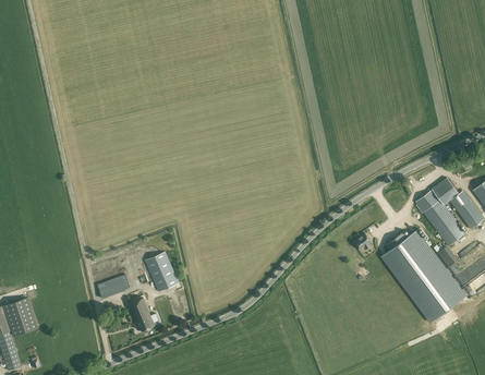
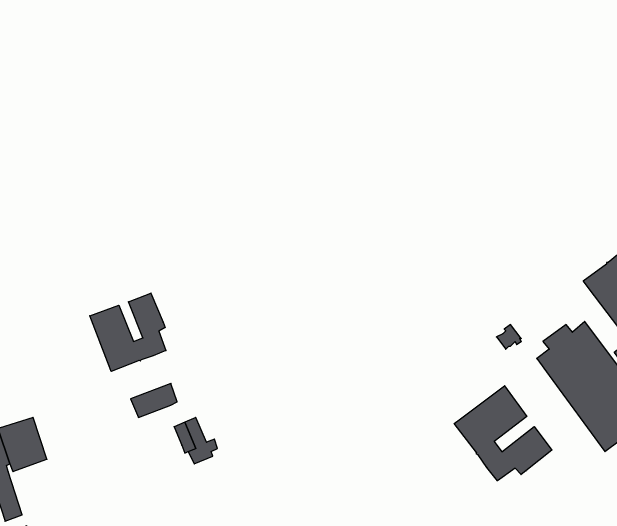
building: none -> [90,293,166,371]
building: [144,251,178,291] -> none
building: none -> [454,386,552,481]

